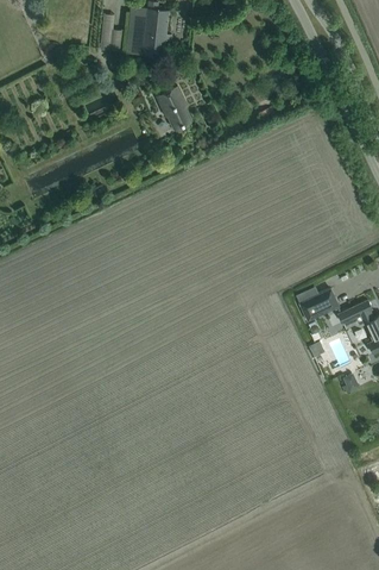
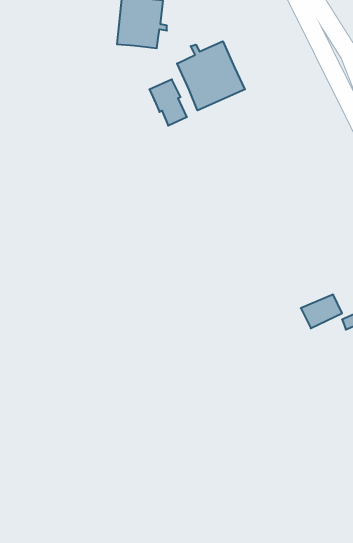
building: none -> [177,41,245,110]

